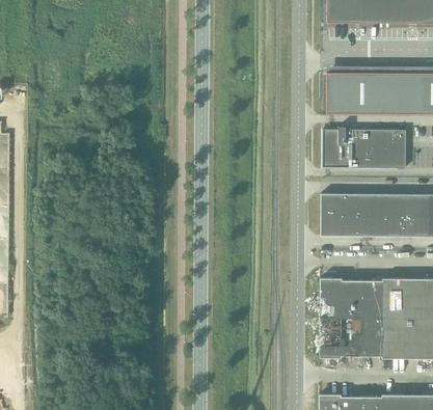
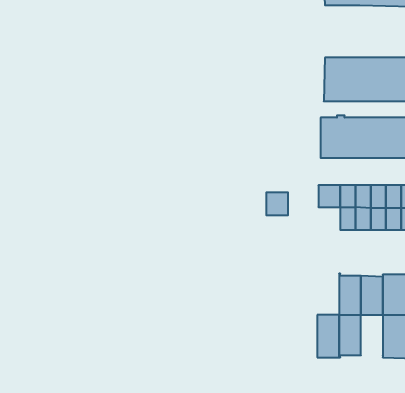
building: [321,214,342,236] -> [266,192,288,215]
building: [320,277,341,317] -> none
building: [361,317,382,355] -> none

